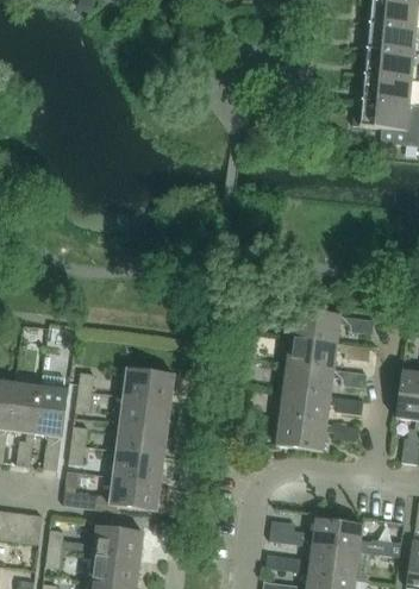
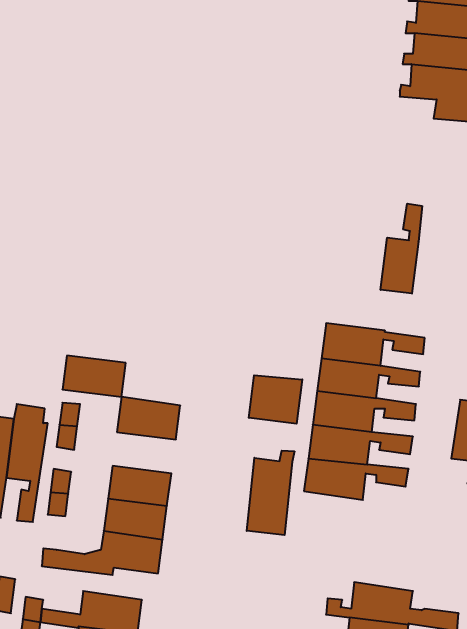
building: none -> [381,204,422,294]
building: none -> [249,375,302,424]
building: [120,396,171,430] -> [62,356,126,397]
building: none -> [247,451,294,535]

